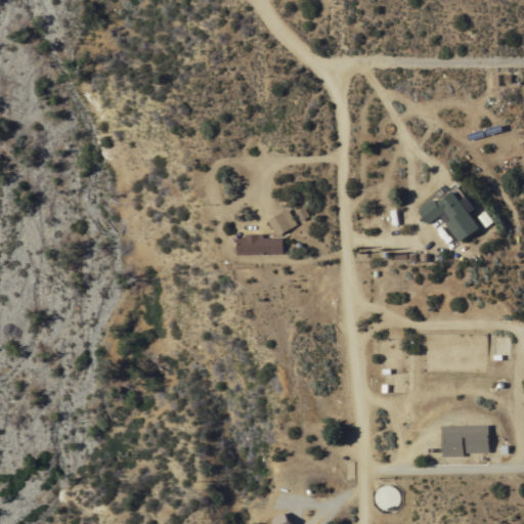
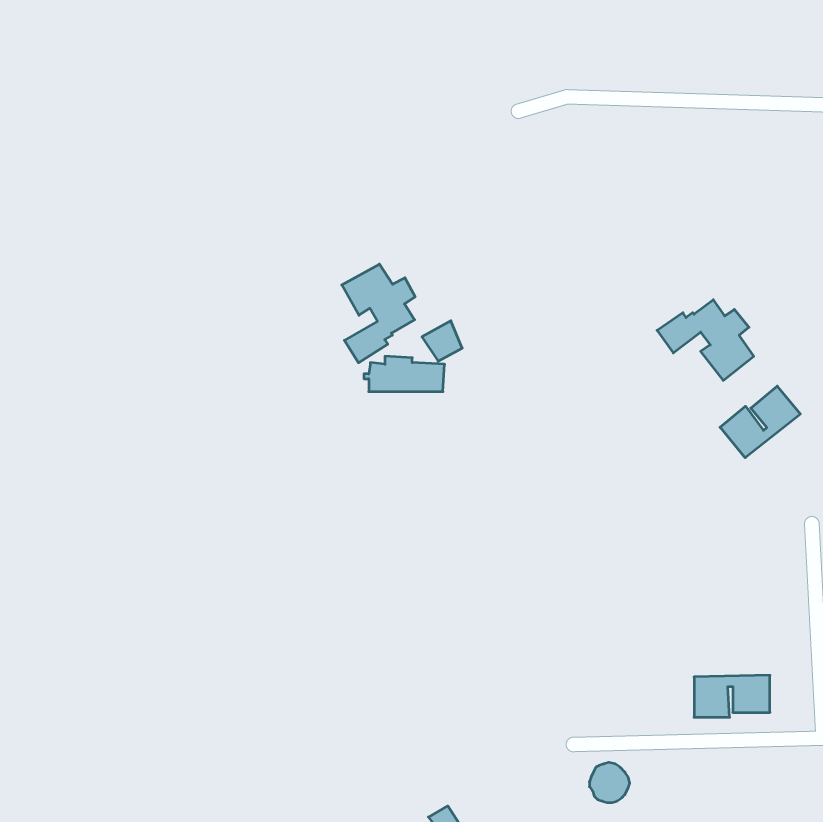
building: none -> [342,264,415,363]
building: none -> [720,386,800,458]

